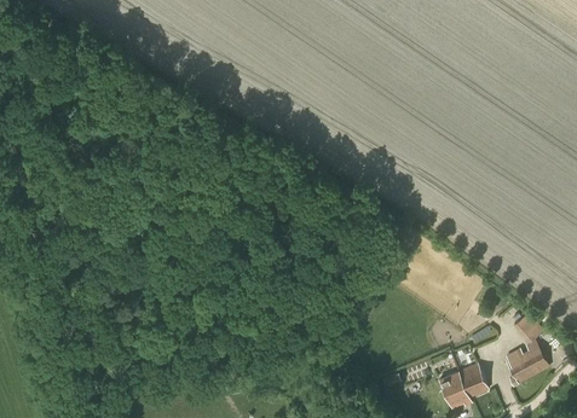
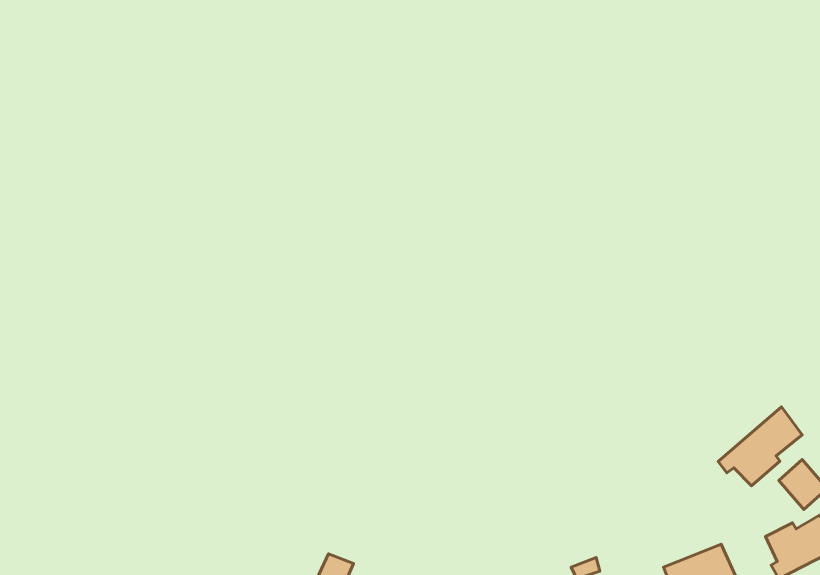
building: none -> [718,407,802,486]

